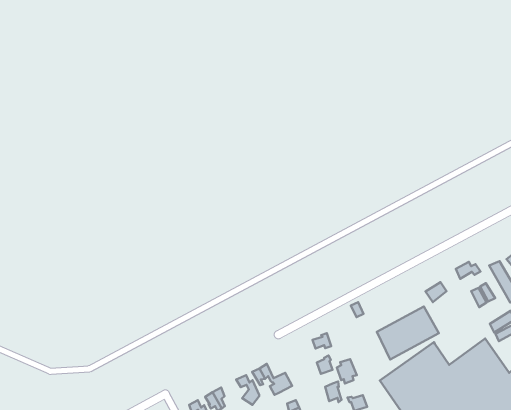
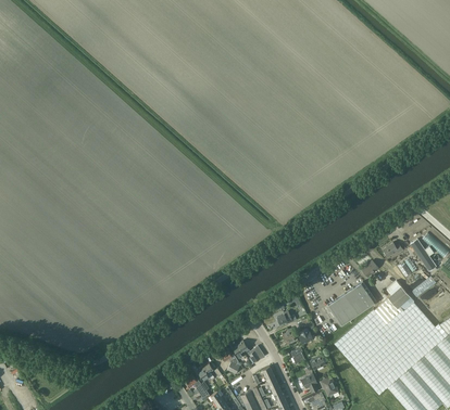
building: none -> [374,287,414,325]

